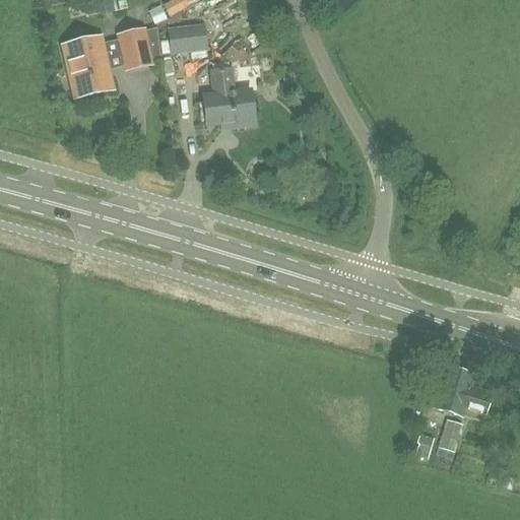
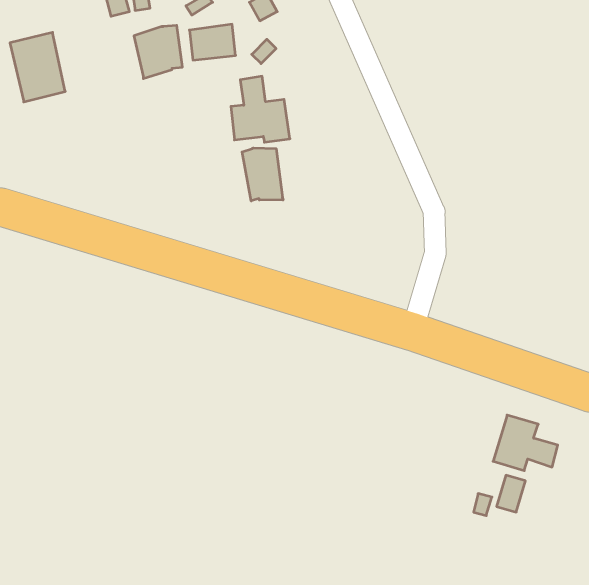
building: [64,35,113,95] -> [10,32,65,102]
building: none -> [242,148,283,201]

